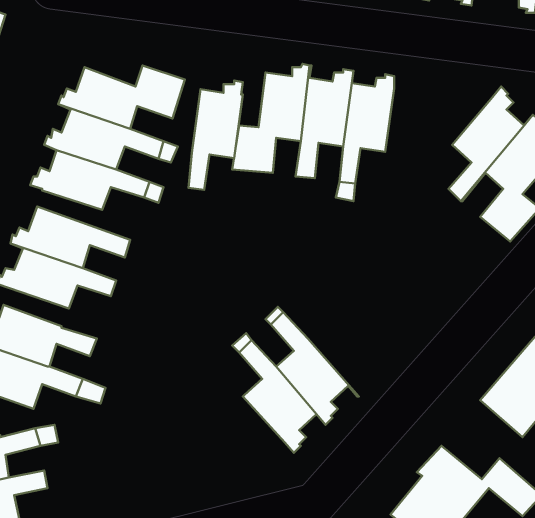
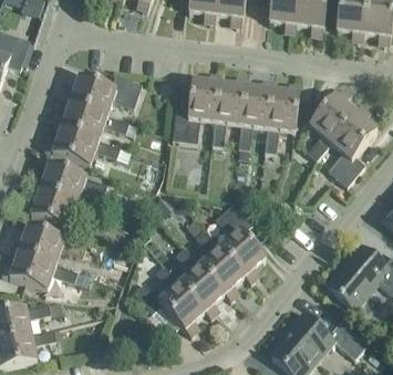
building: [188,81,243,190] -> [266,83,300,152]
building: none -> [215,202,266,282]
building: none -> [134,264,205,335]

